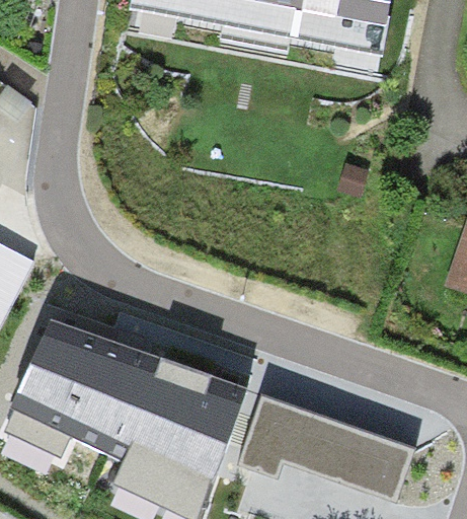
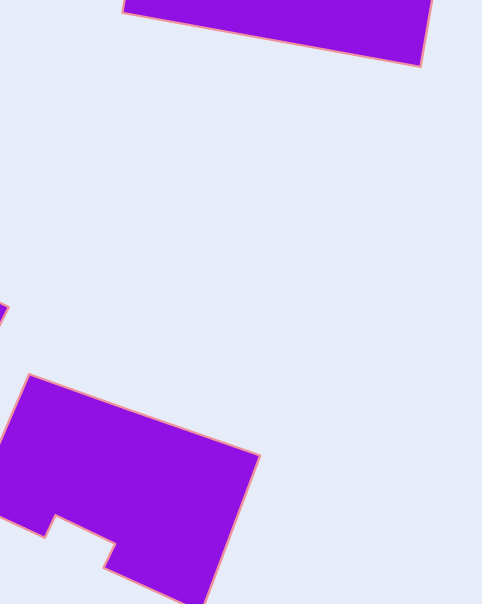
building: [237,393,412,498] -> none

